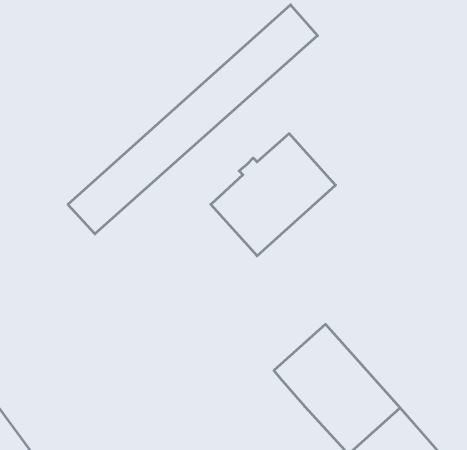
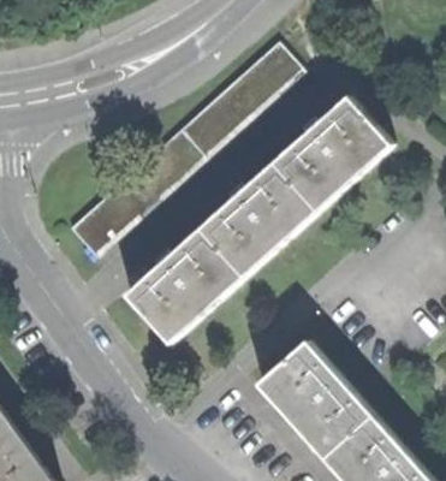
building: none -> [274,96,391,210]
building: none -> [127,228,244,343]

